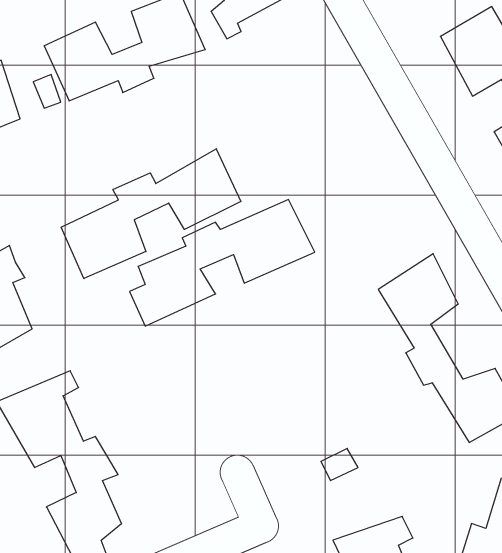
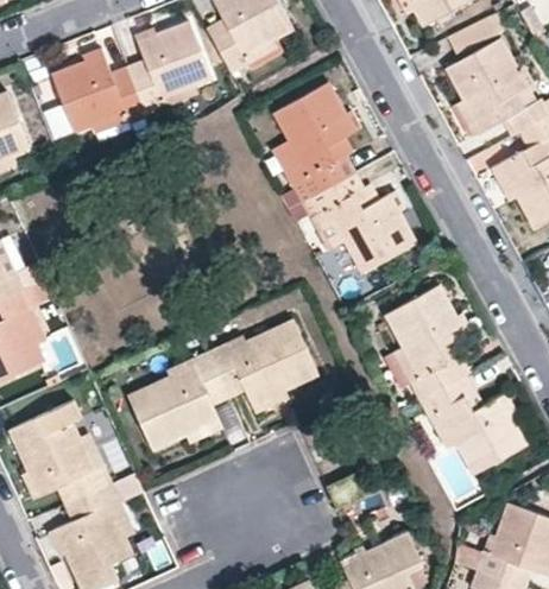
building: none -> [272,80,417,273]
building: [61,149,241,279] -> none
building: [130,200,315,326] -> [137,322,321,448]

